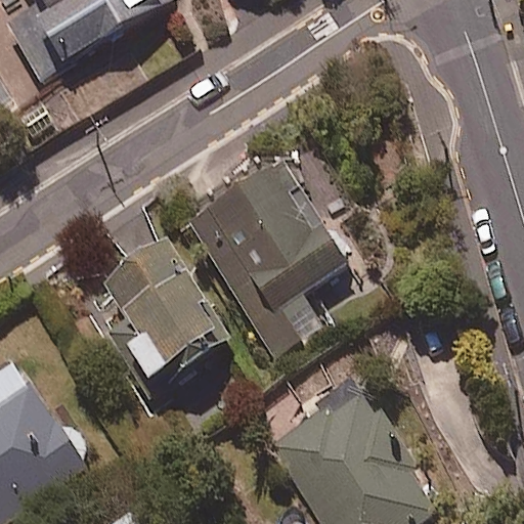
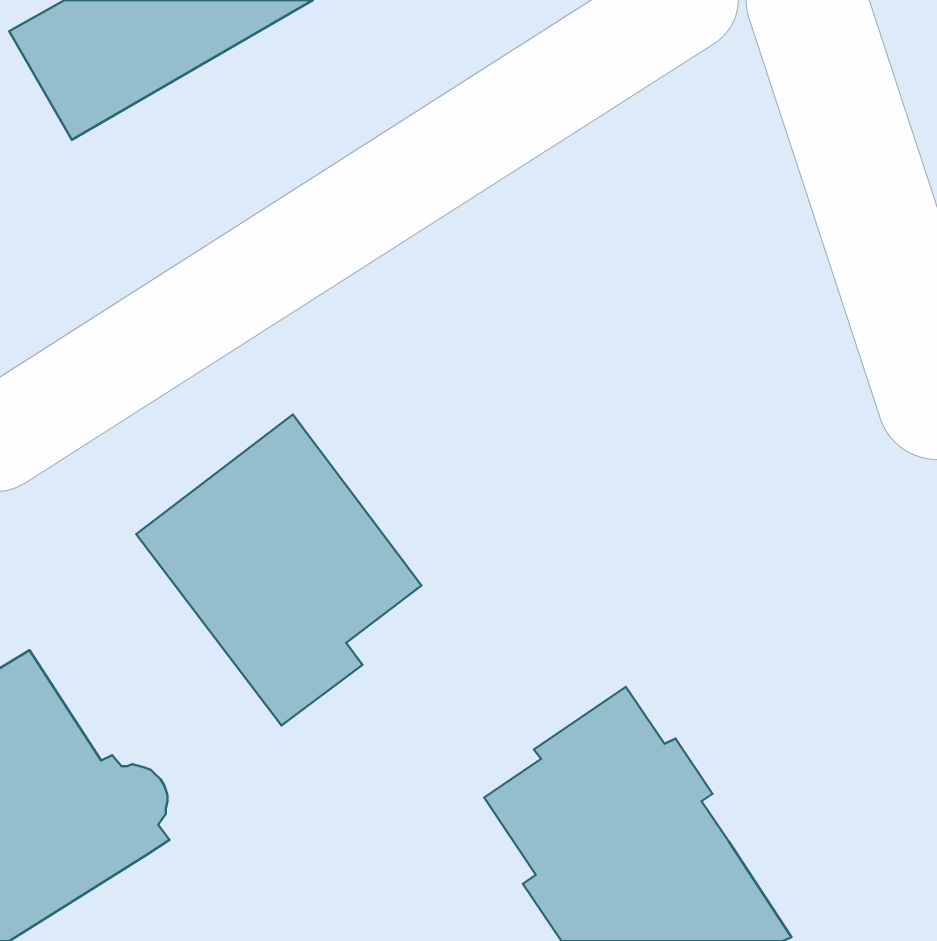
building: [182,158,347,354] -> none

